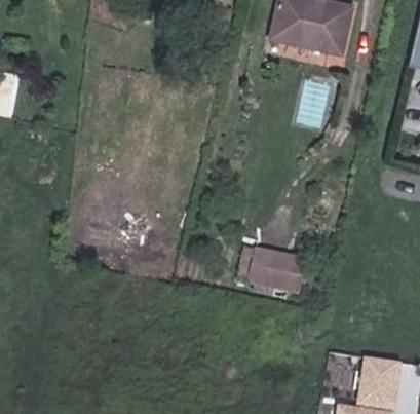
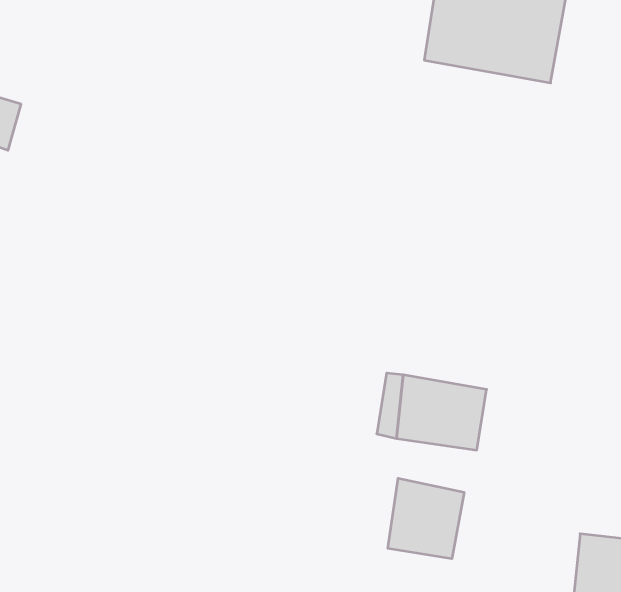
building: none -> [388,478,464,559]

